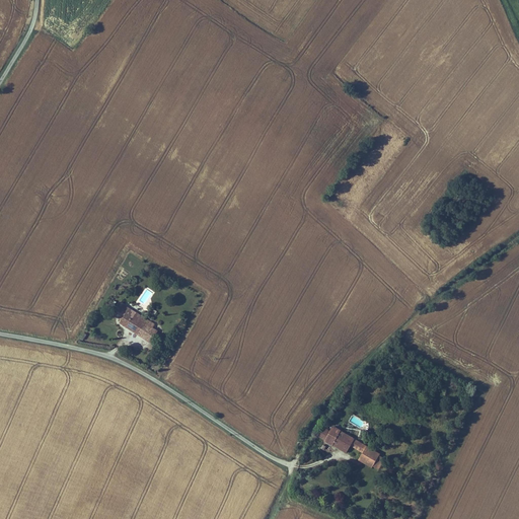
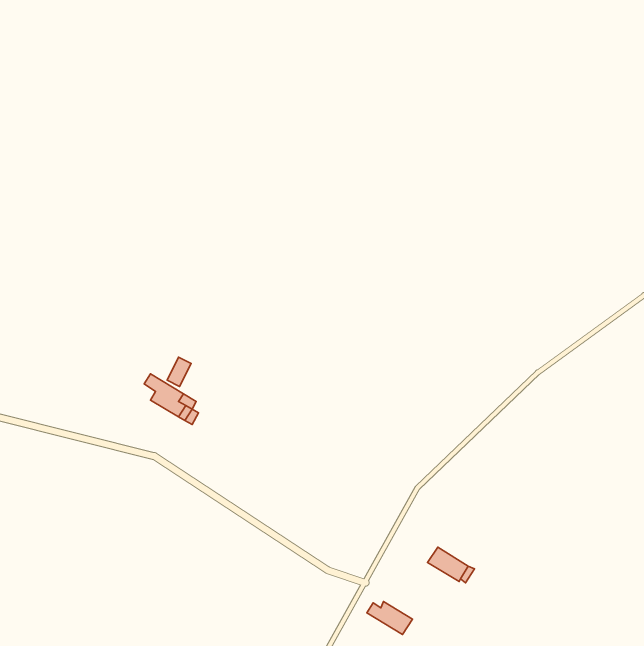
building: [314,425,351,451] -> [367,602,412,635]

